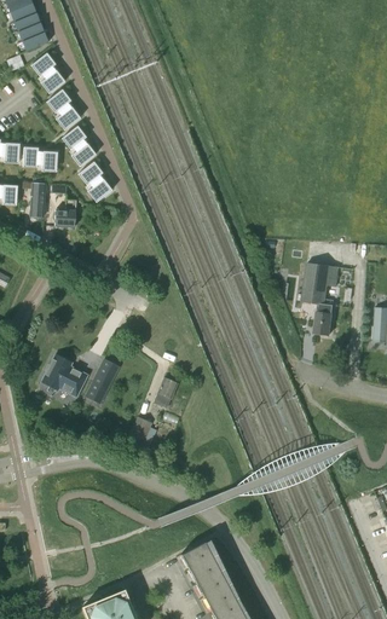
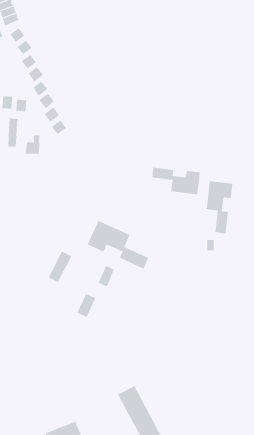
building: none -> [152,167,201,195]
building: none -> [87,220,149,270]
building: [42,355,88,397] -> none

